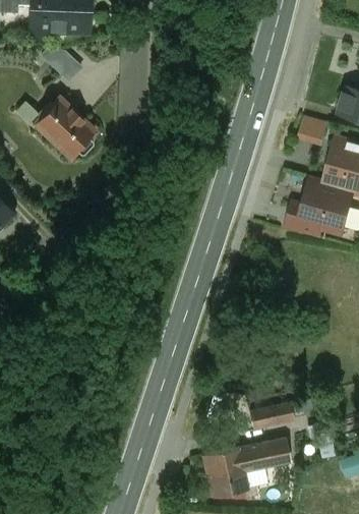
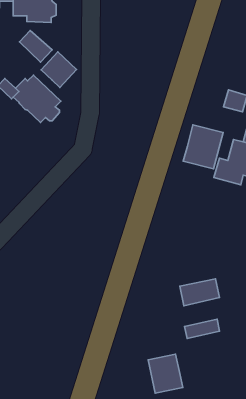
building: none -> [41,52,76,87]
building: none -> [183,125,223,169]
building: [238,438,288,471] -> [180,279,220,306]

